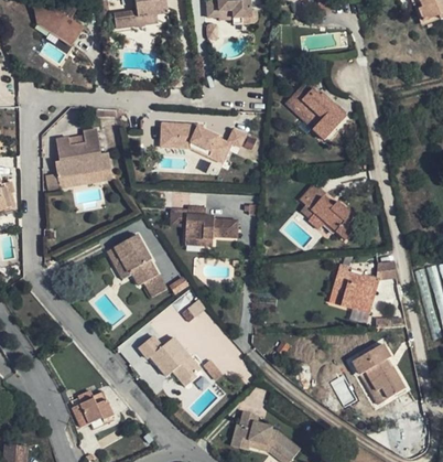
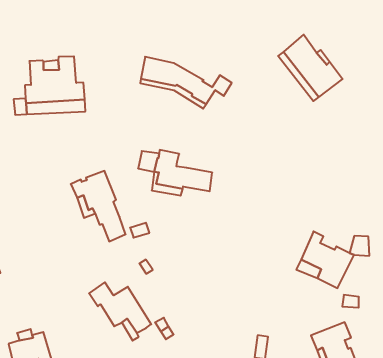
building: [299,185,356,240] -> none

